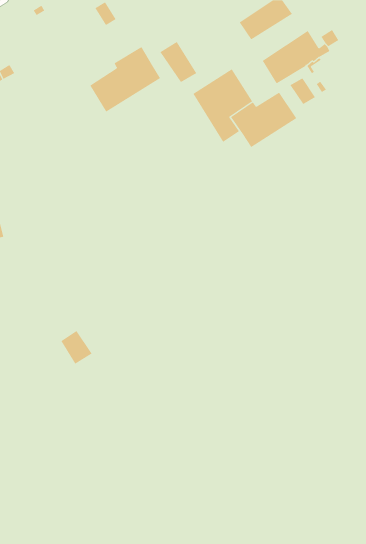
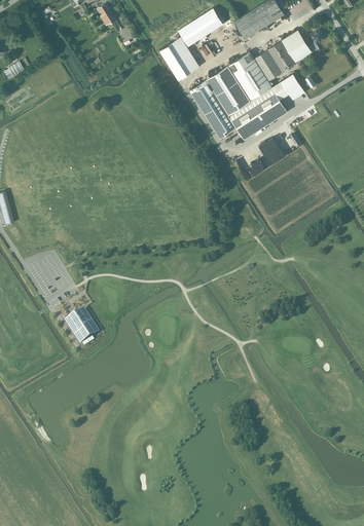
building: none -> [178,8,223,46]
building: [90,46,161,113] -> none
building: none -> [227,51,272,101]

